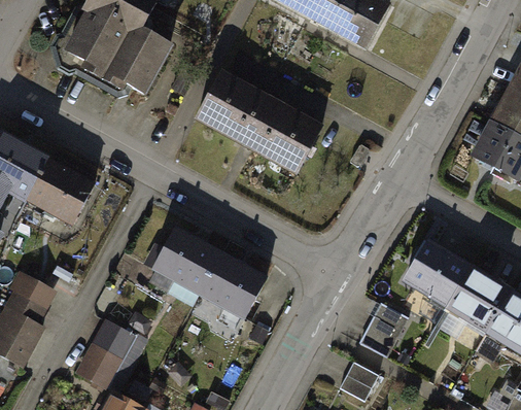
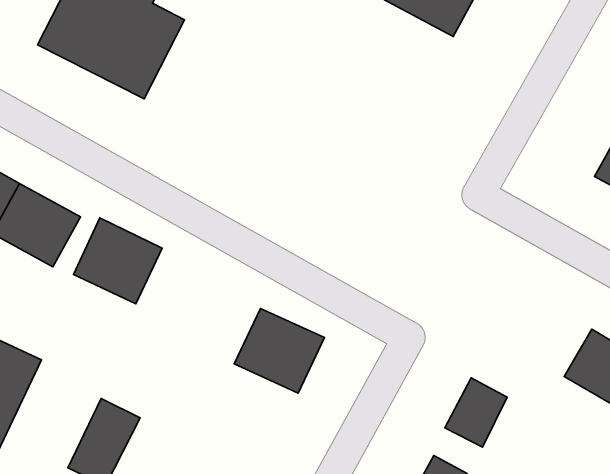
building: [202,73,323,165] -> none
building: [157,230,222,294] -> [74,218,162,304]
building: [405,243,468,303] -> none

